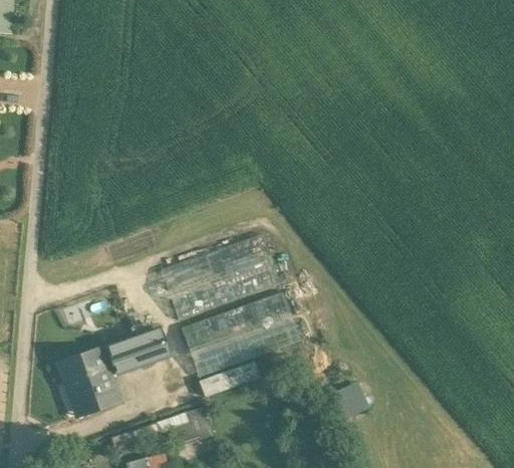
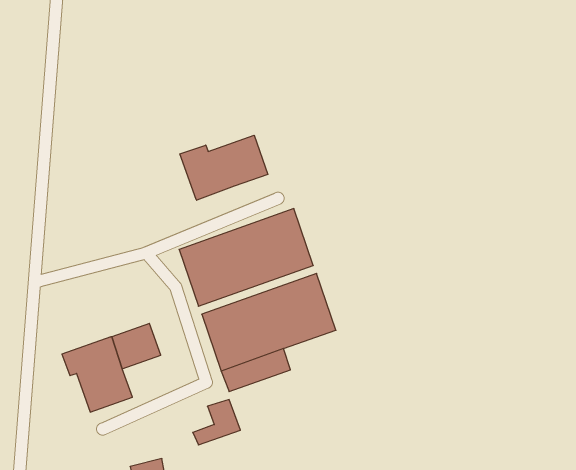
building: none -> [180,135,268,200]
building: [133,328,168,365] -> none
building: [328,380,364,418] -> none

